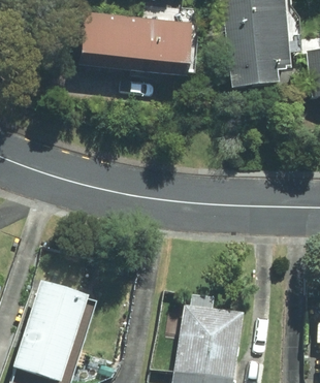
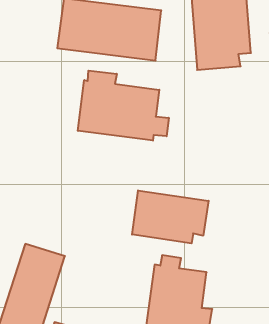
building: none -> [78,71,169,141]
building: none -> [132,190,209,243]

